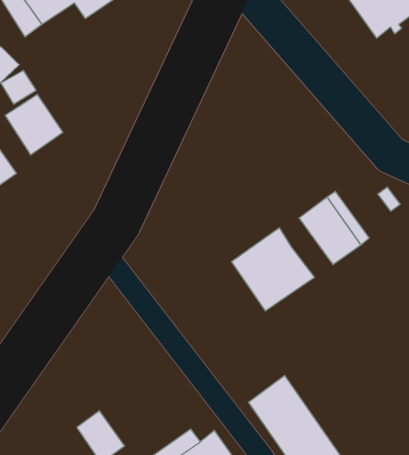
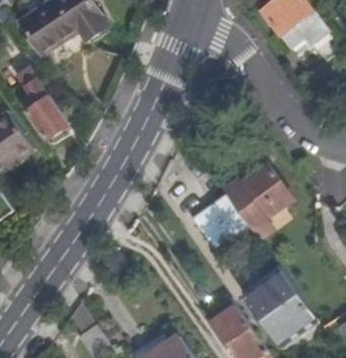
building: none -> [238,269,314,343]

